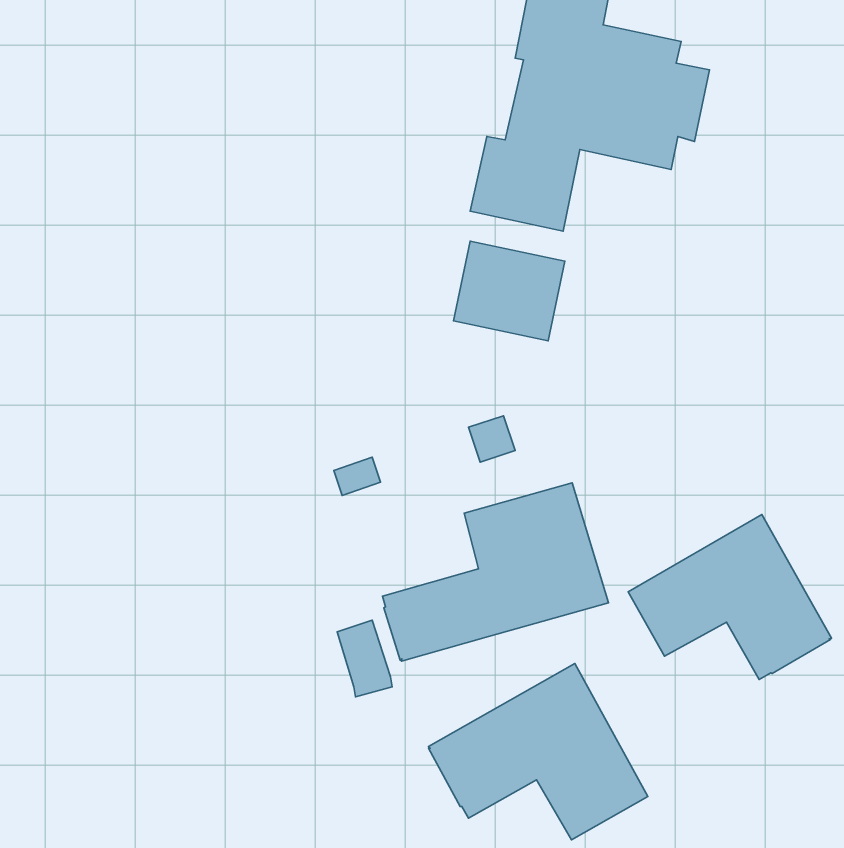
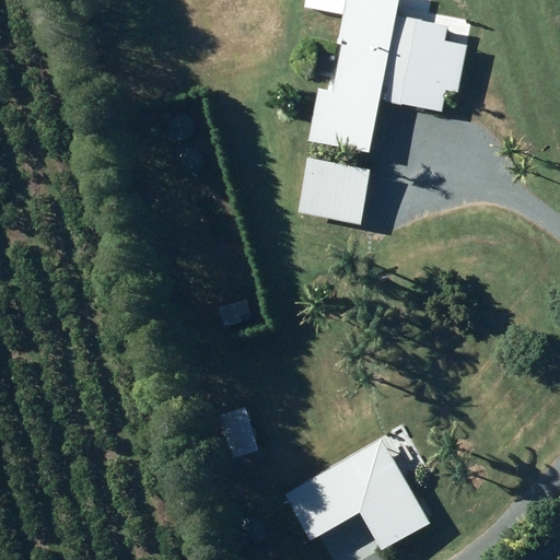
building: [383,483,608,661] -> none
building: [628,514,831,680] -> none

